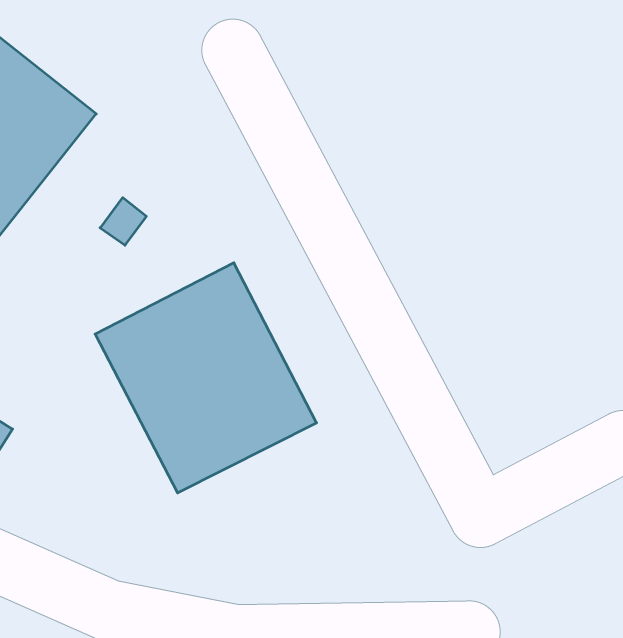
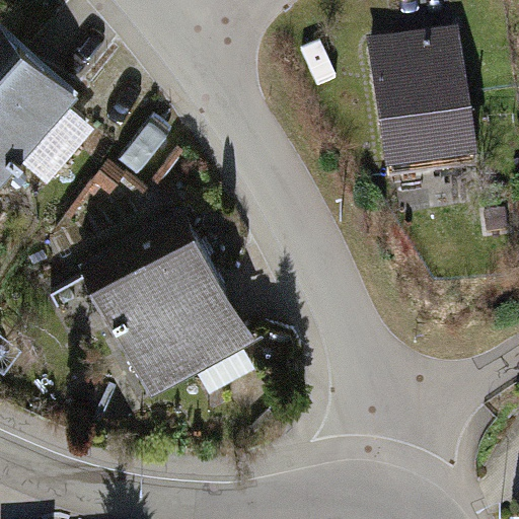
building: none -> [359,39,480,193]

